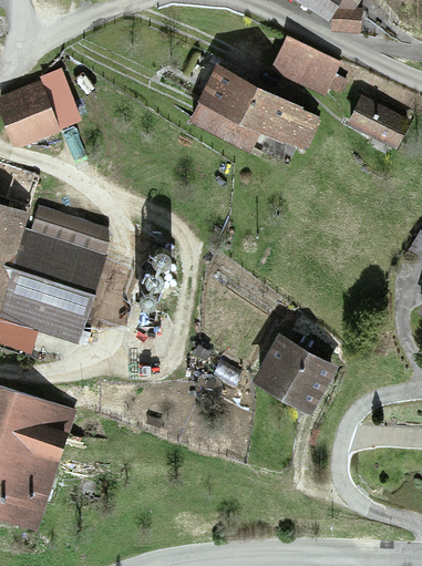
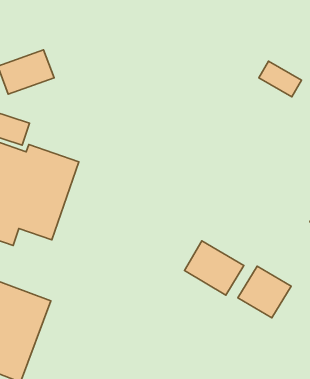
building: [278,41,344,94] -> none
building: [191,68,326,152] -> none
building: none -> [238,266,291,318]

